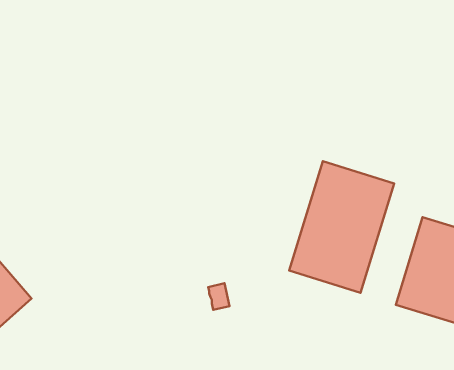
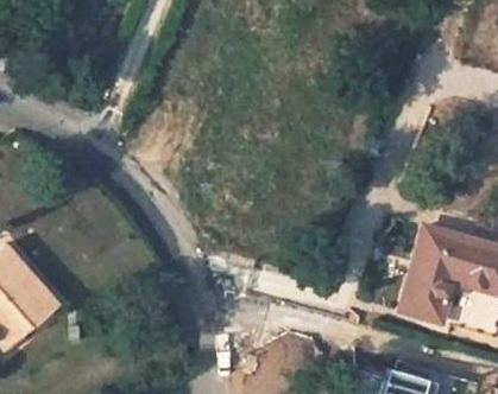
building: [289,161,394,293] -> none

